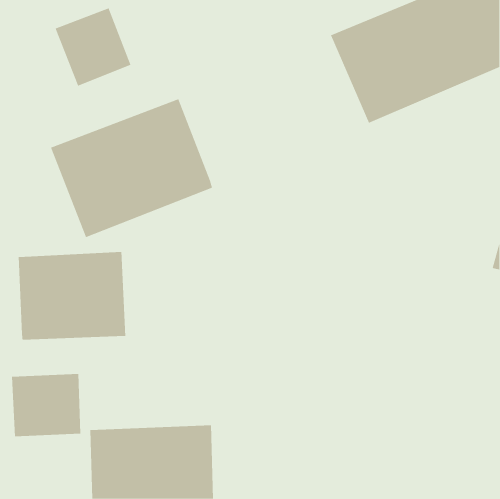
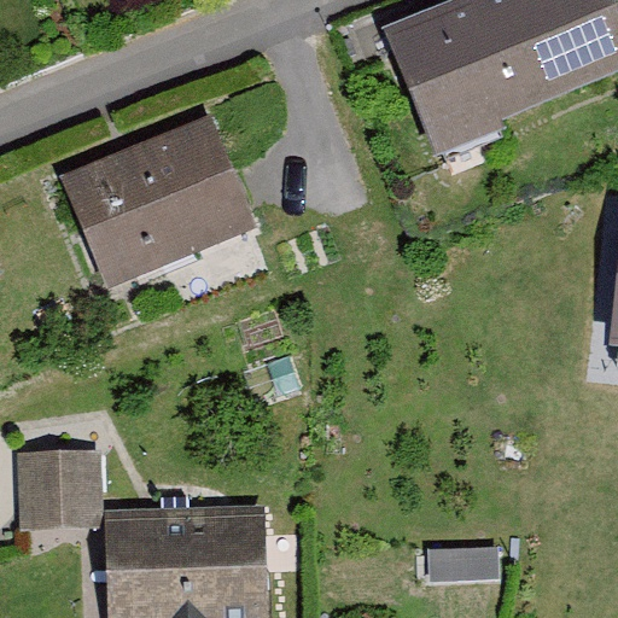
building: [55,7,131,87] -> none
building: [18,251,126,340] -> none

